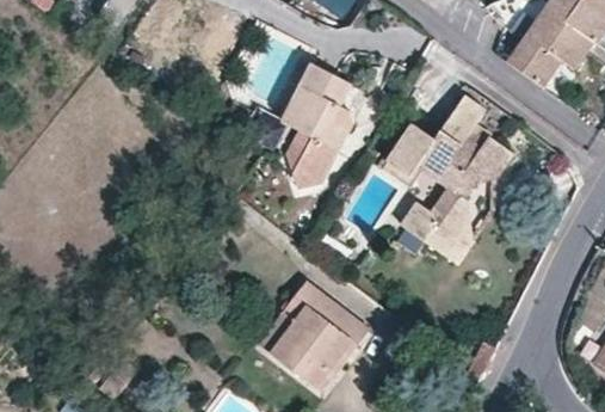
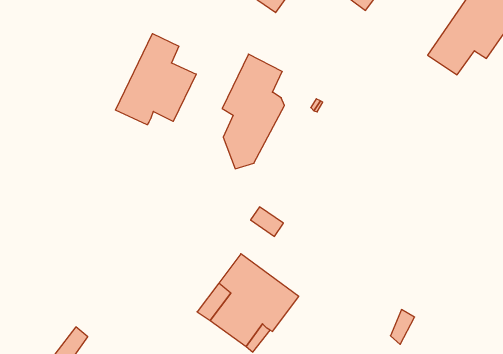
building: none -> [116,34,196,125]
building: [389,97,511,262] -> none

